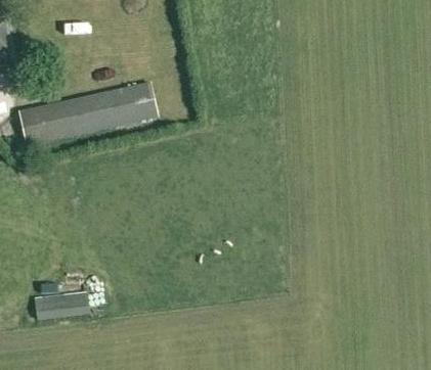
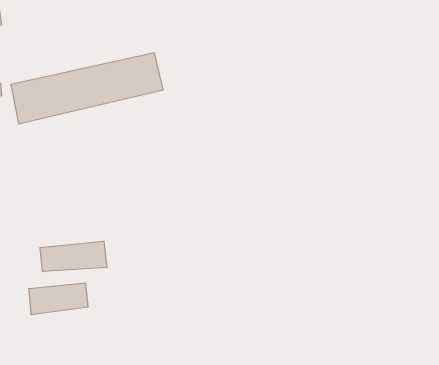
building: none -> [40,241,107,272]

